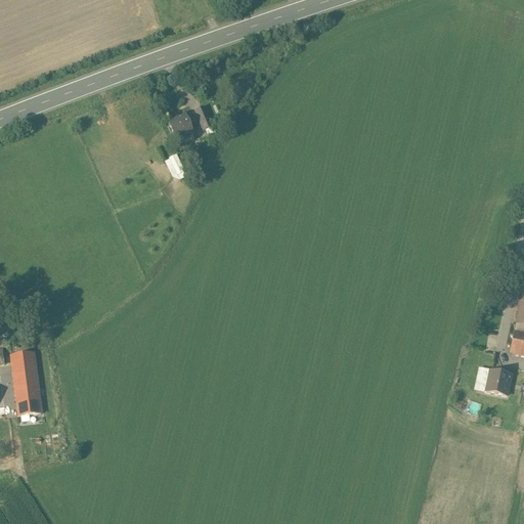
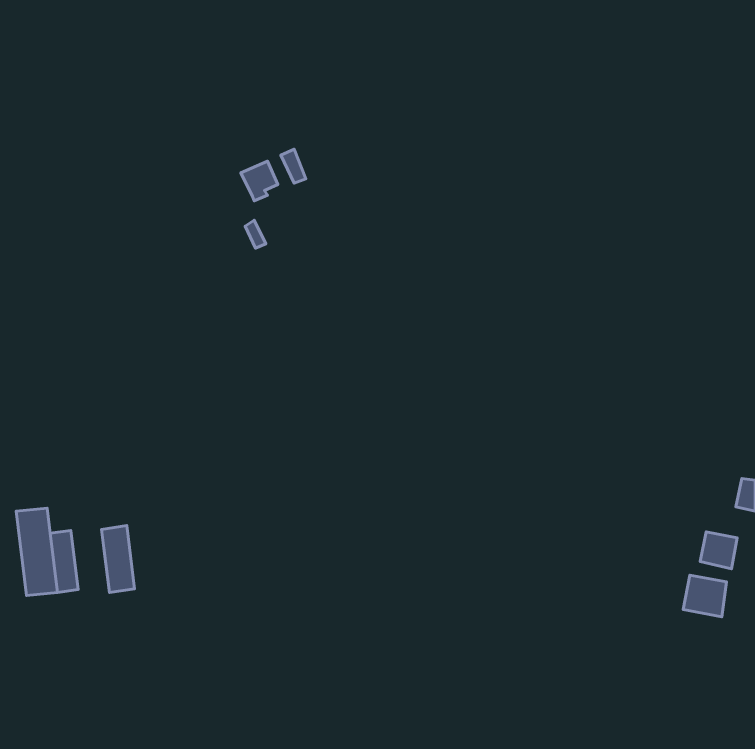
building: none -> [101,526,135,593]
building: none -> [683,575,727,617]

